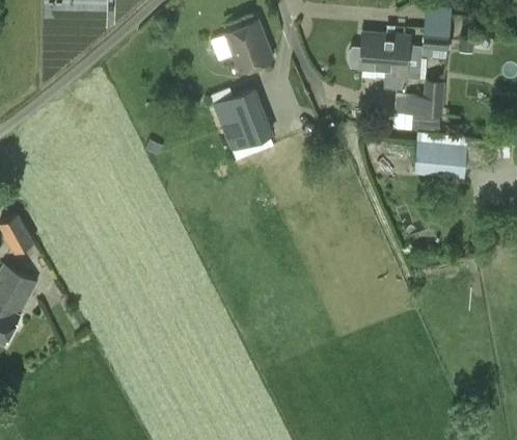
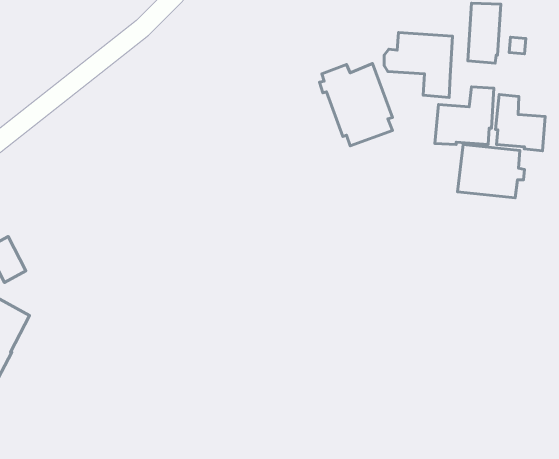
building: [226,19,272,70] -> none
building: none -> [496,94,545,151]
building: [210,87,274,160] -> [319,63,392,146]

